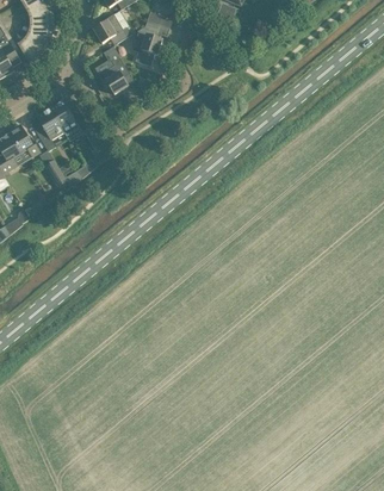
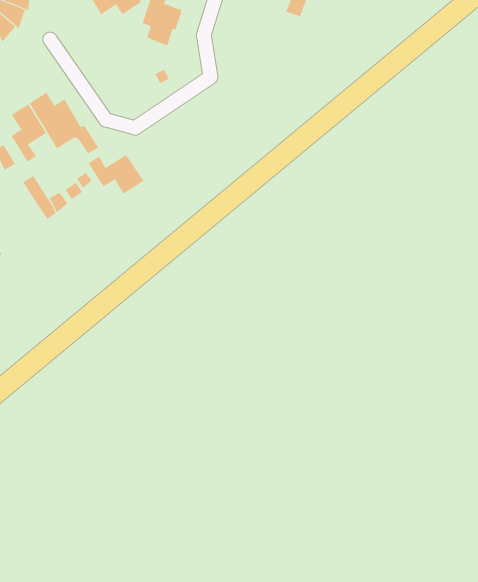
building: [97,45,126,93] -> none
building: none -> [88,154,144,194]

